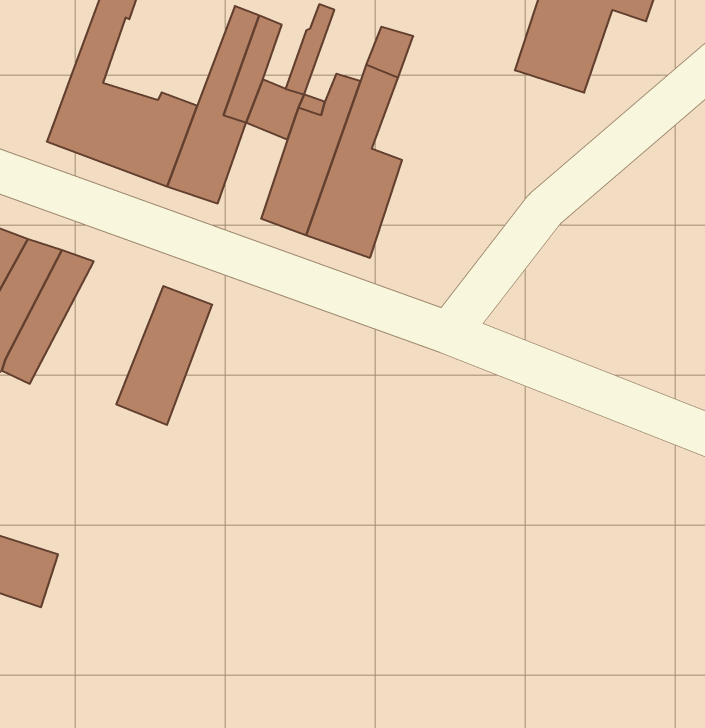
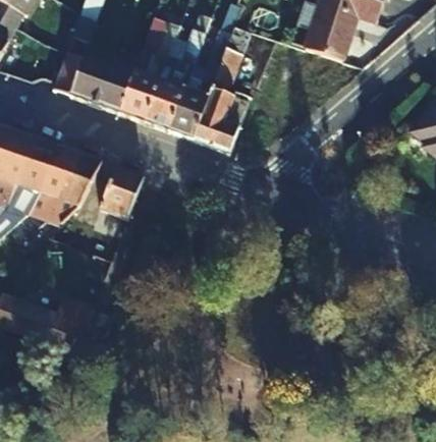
building: none -> [145,79,182,131]
building: none -> [43,155,101,226]

